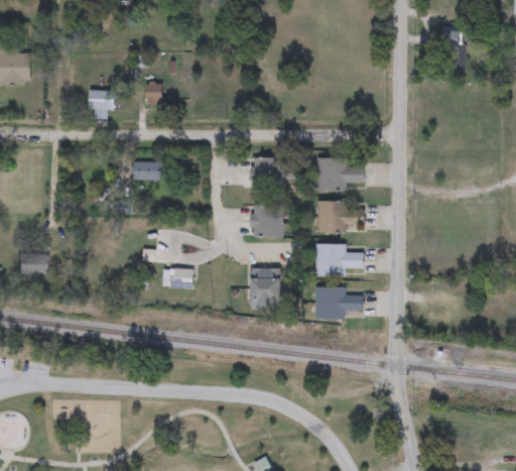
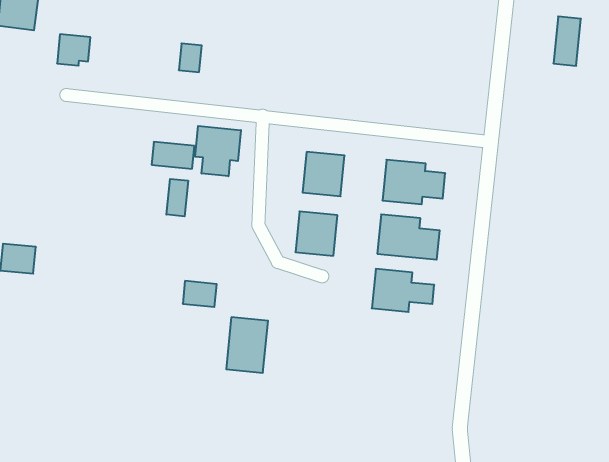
building: [89,90,113,113] -> [57,34,90,66]
building: none -> [195,126,241,176]
building: none -> [166,179,188,216]
building: [251,267,280,309] -> [226,317,268,373]
building: [315,286,362,319] -> none

